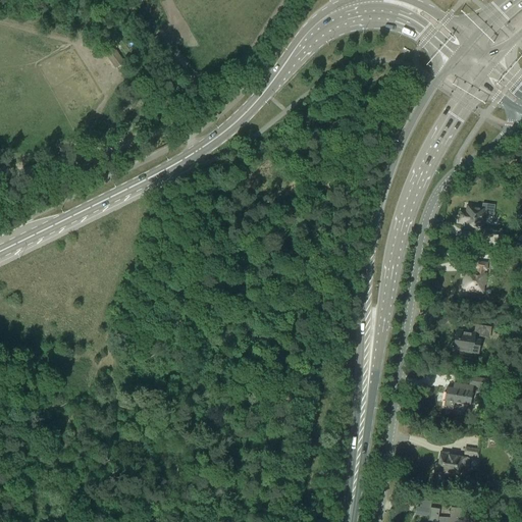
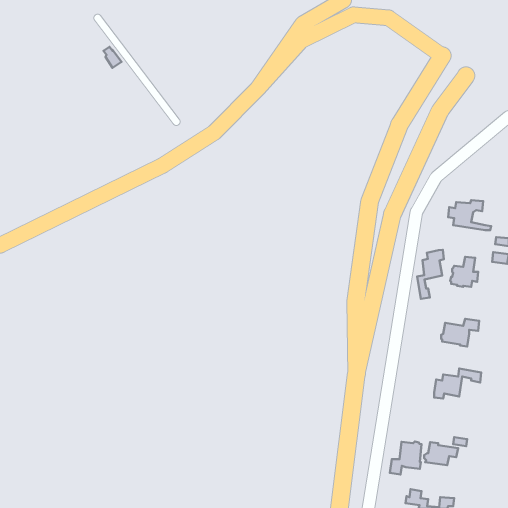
building: none -> [417,250,444,299]
building: none -> [390,441,422,475]

